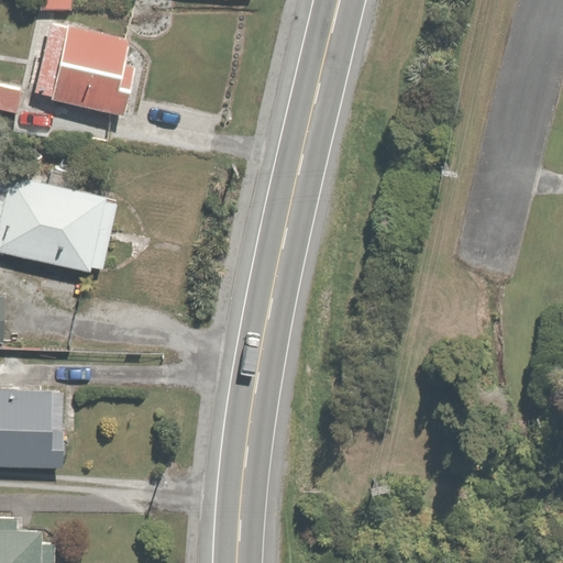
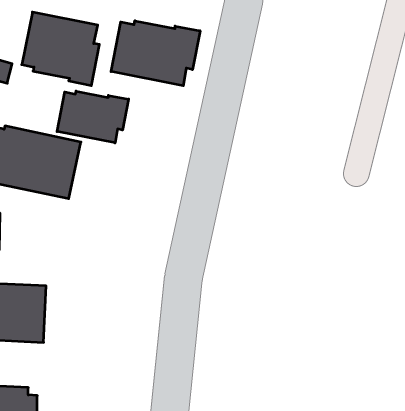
building: none -> [111,21,200,86]
building: none -> [57,91,129,143]

